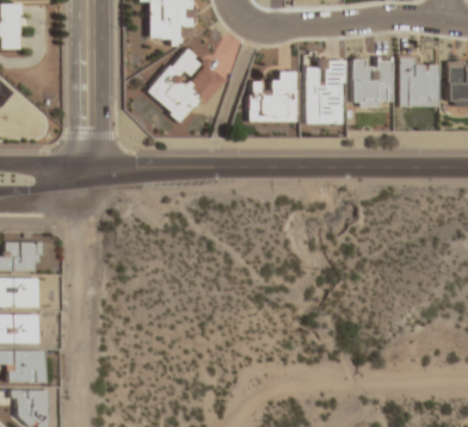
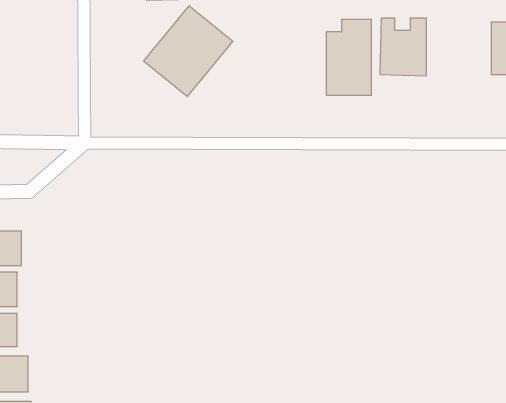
building: [400,54,439,105] -> none
building: [250,72,298,120] -> none

